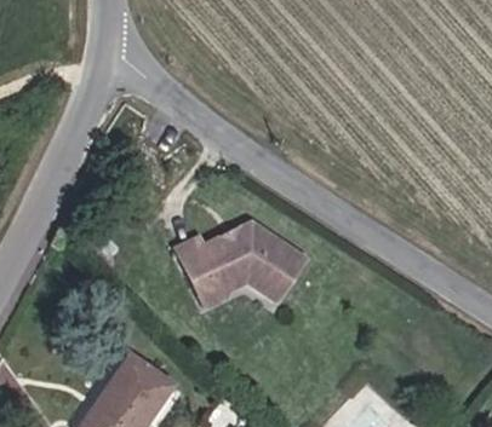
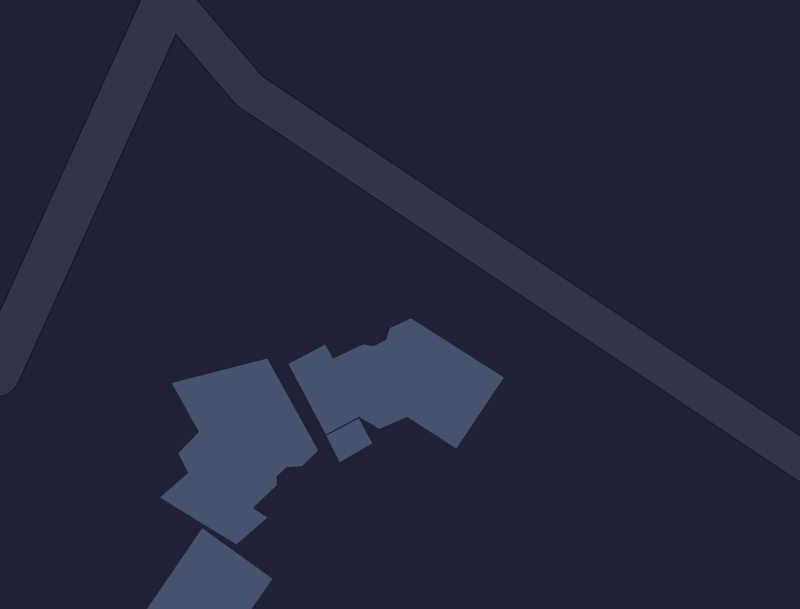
building: none -> [159,358,319,545]

